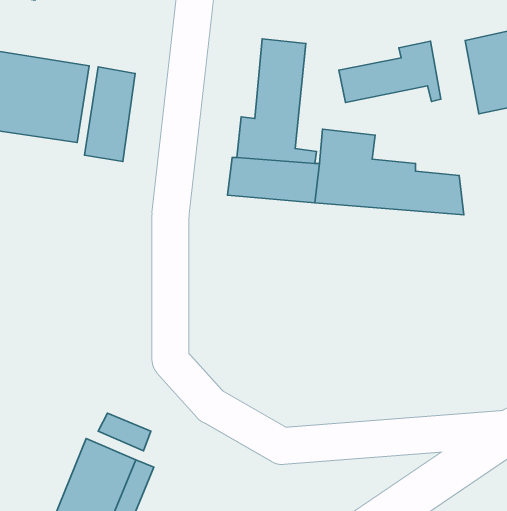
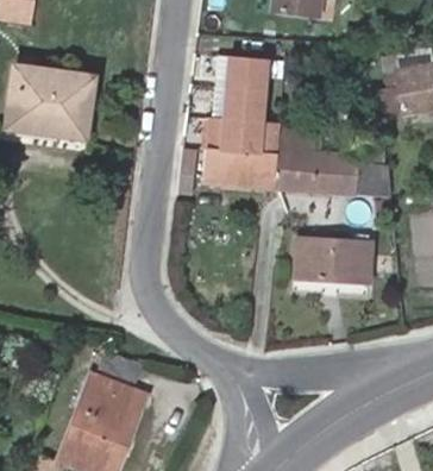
building: [339,41,441,102] -> none
building: [84,67,135,161] -> none
building: none -> [294,238,372,282]

